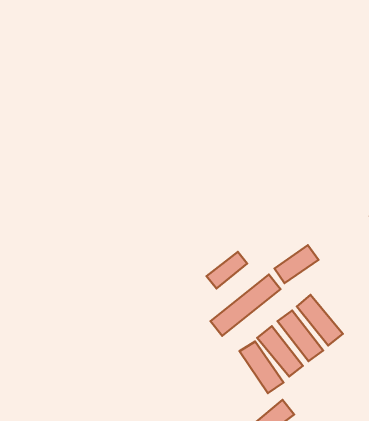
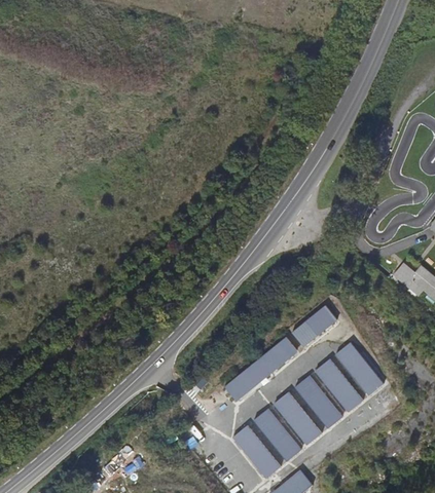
building: [206,252,247,289] -> none
building: none -> [335,342,384,395]
building: none -> [231,425,281,479]

